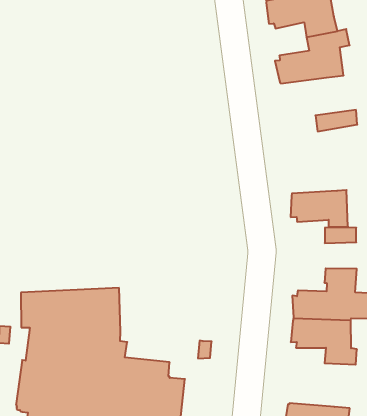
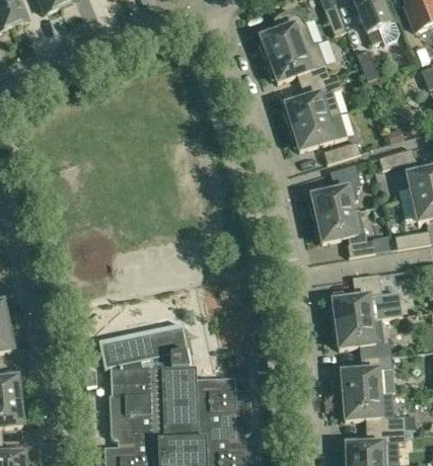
building: none -> [290,111,348,149]
building: none -> [308,162,362,218]
building: none -> [337,354,395,395]

